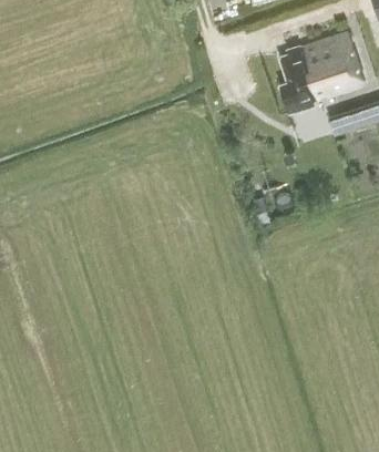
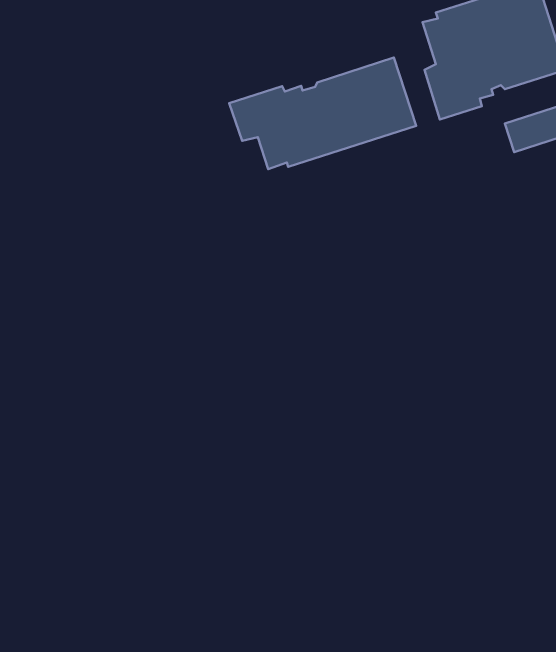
building: none -> [229,57,416,169]

